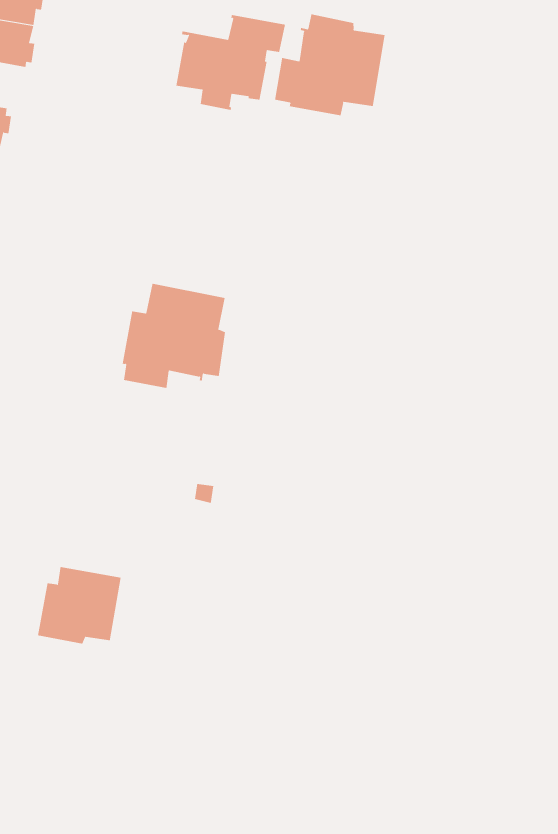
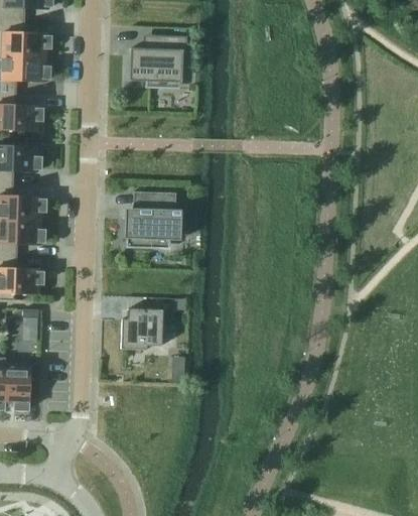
building: [274,13,385,116] -> none
building: [37,567,122,644] -> [121,308,163,350]

